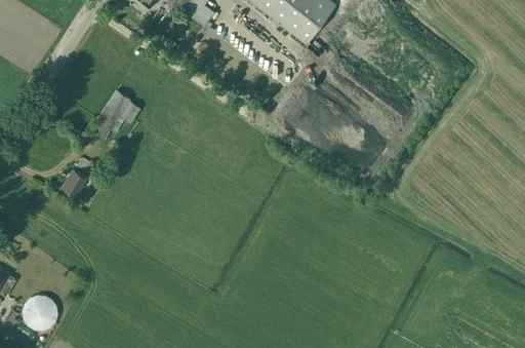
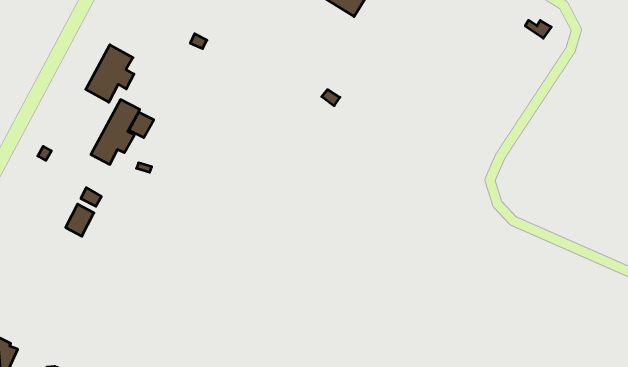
building: none -> [86,45,134,102]

